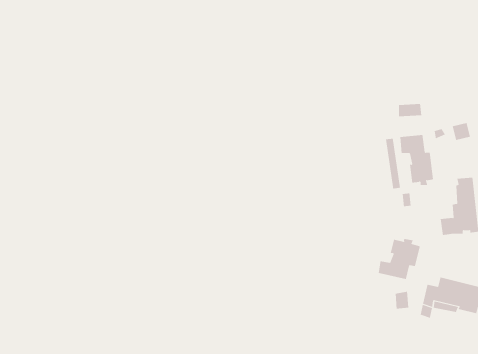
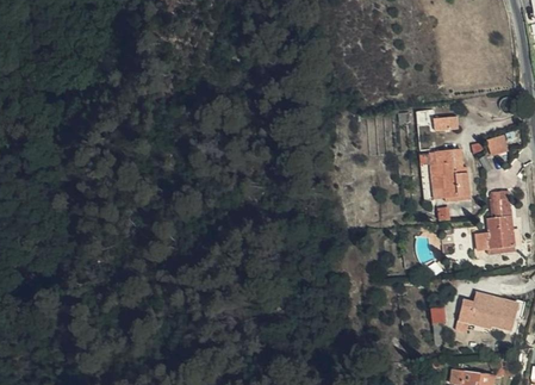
building: [378,238,420,280] -> none

